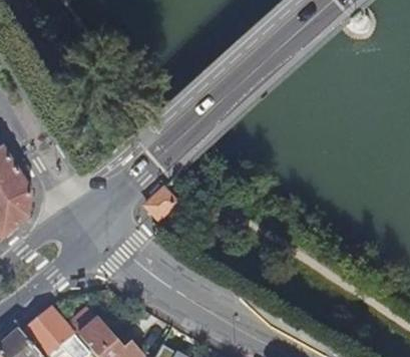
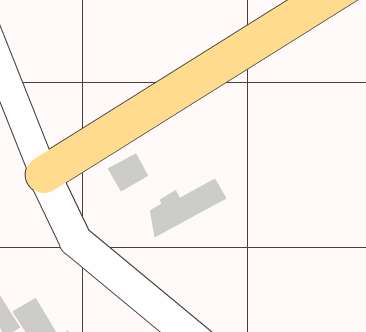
building: none -> [149,178,227,239]

